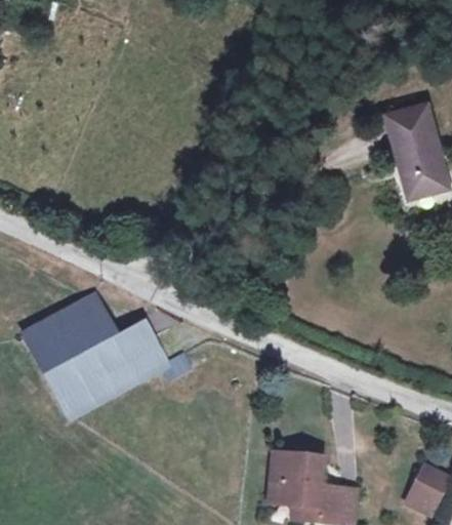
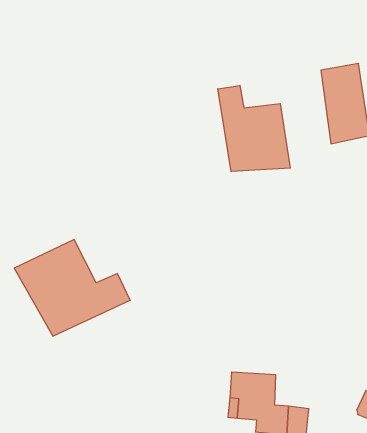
building: none -> [218,85,290,172]

